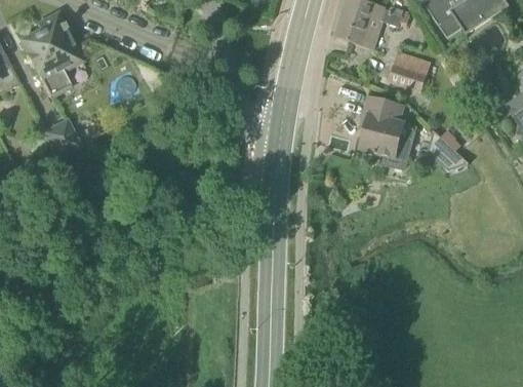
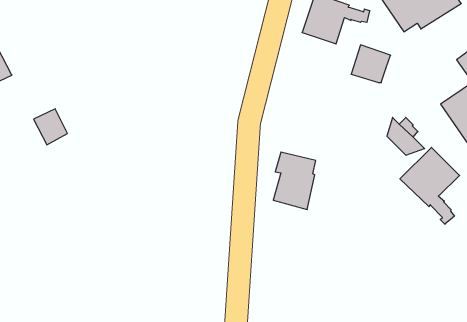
building: [22,12,86,95] -> none
building: [361,95,407,158] -> [273,152,316,210]
building: none -> [400,147,460,224]

